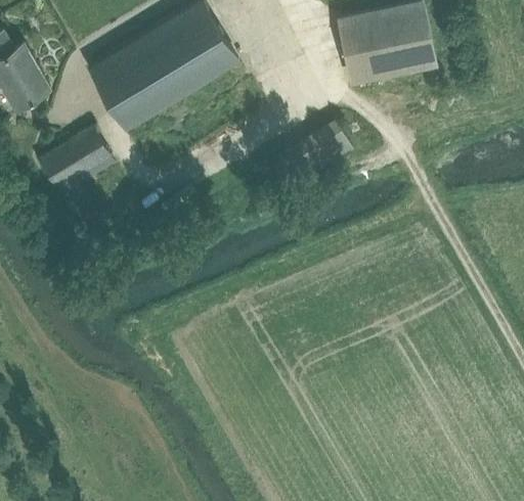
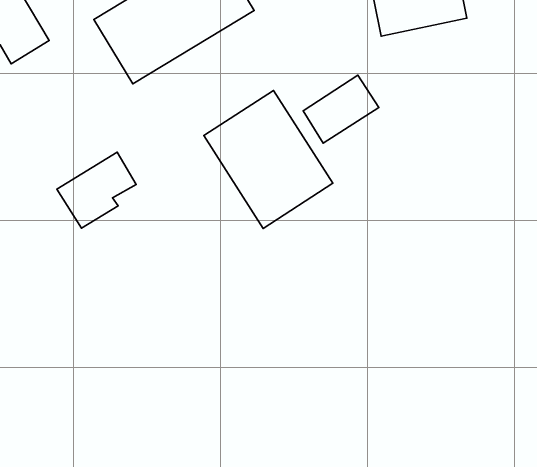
building: [39,127,112,196] -> [57,152,136,228]
building: none -> [204,91,333,228]

